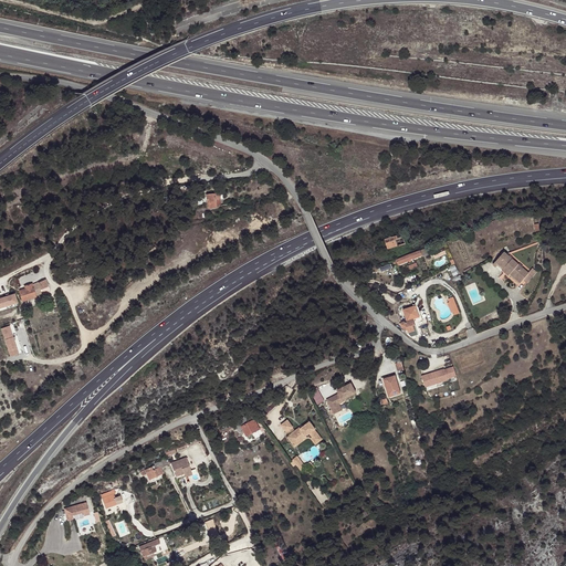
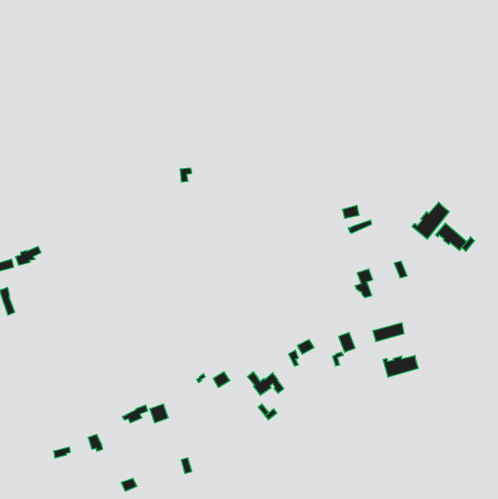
building: none -> [412,202,449,239]
building: none -> [383,355,418,377]

